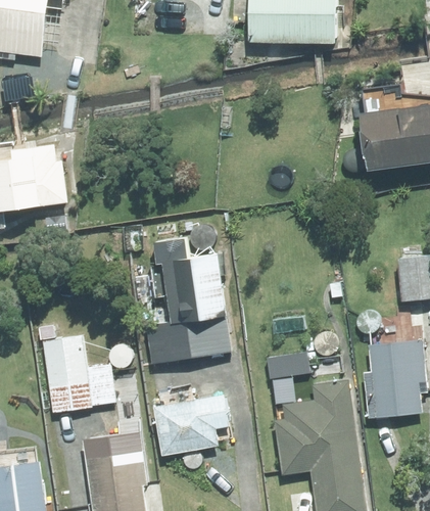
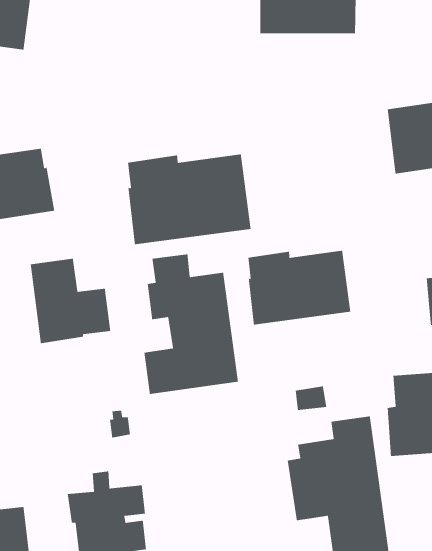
building: none -> [127,154,251,245]
building: none -> [247,250,351,325]
building: [42,337,114,414] -> [30,258,111,344]
building: [152,397,228,456] -> none

